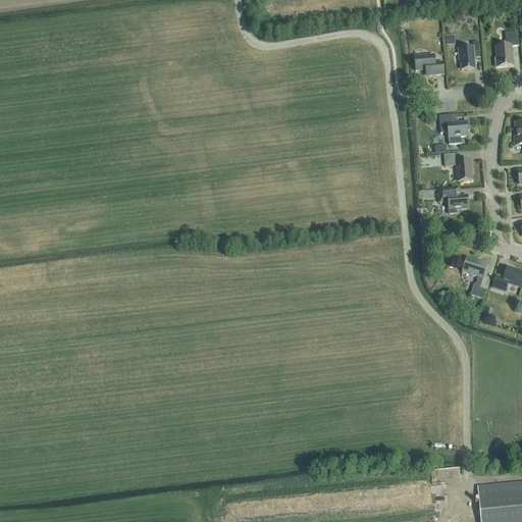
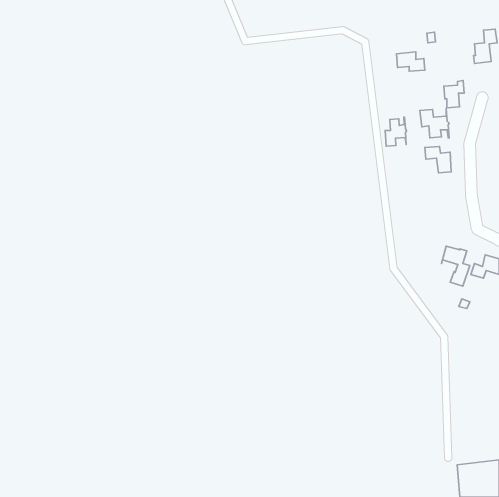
building: [458,41,479,69] -> [444,80,464,108]
building: none -> [385,117,407,146]
building: [436,188,467,214] -> none

